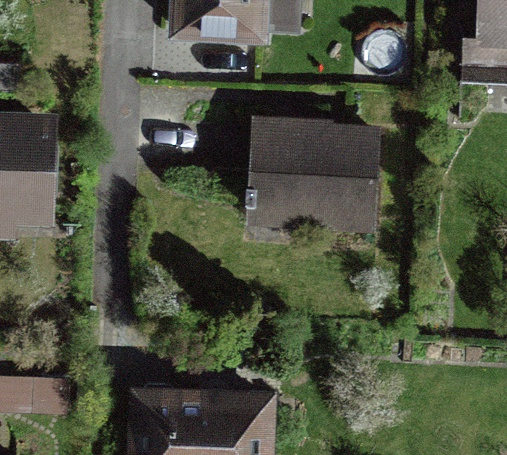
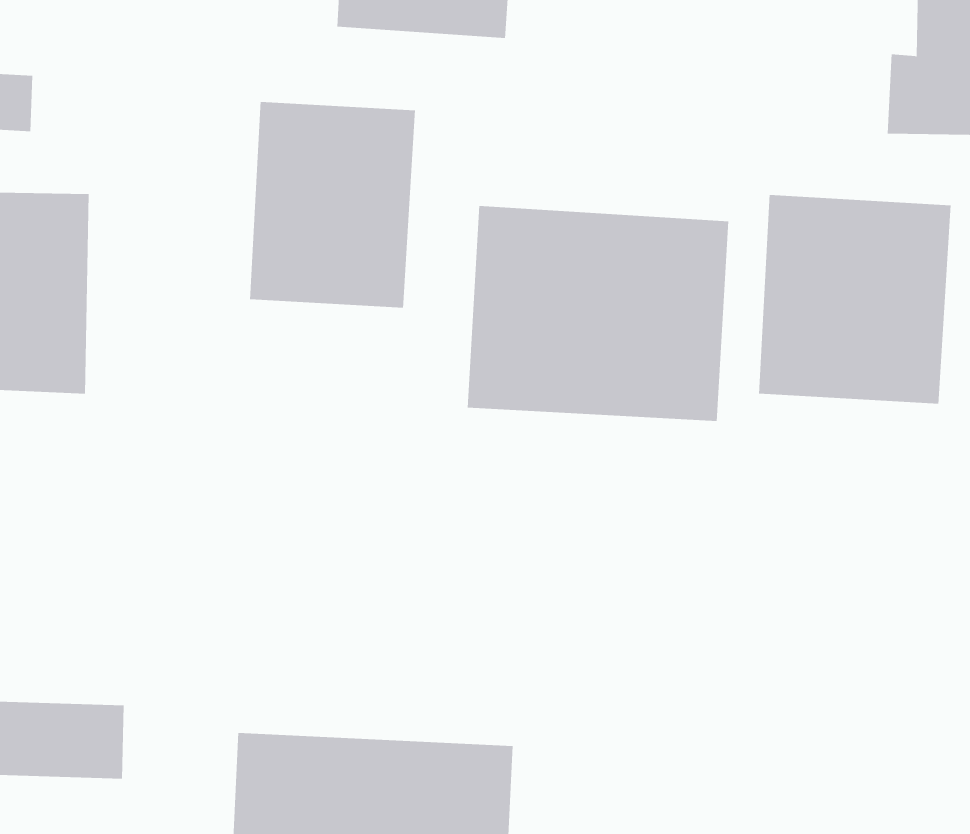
building: none -> [250,101,416,309]
building: none -> [759,194,951,405]

